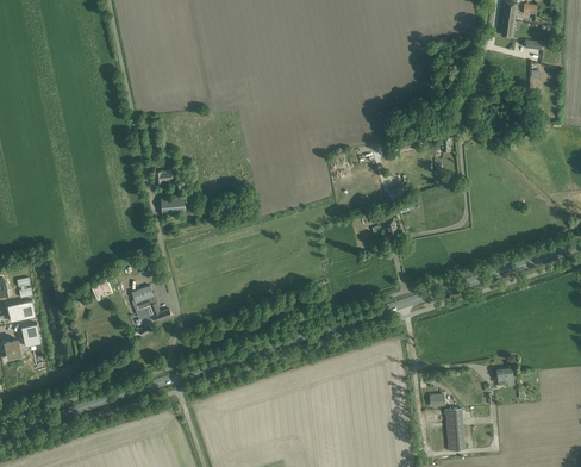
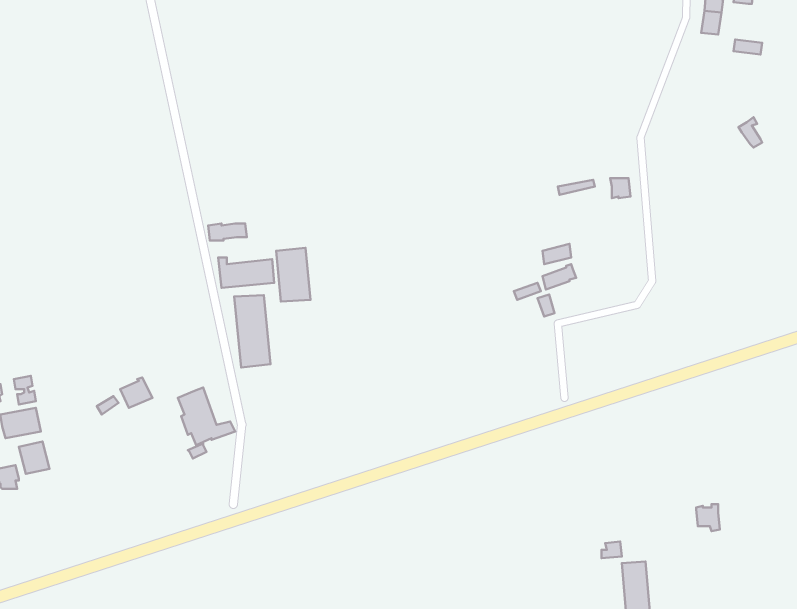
building: none -> [276,248,311,302]
building: none -> [234,295,270,368]

